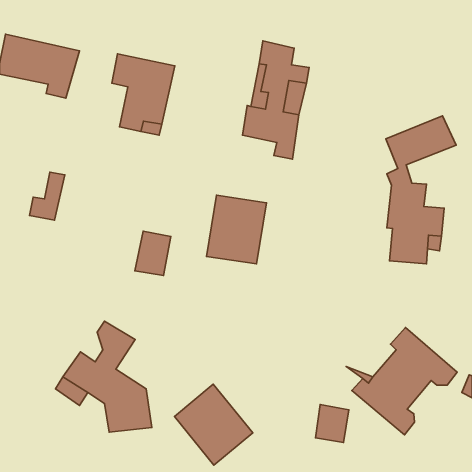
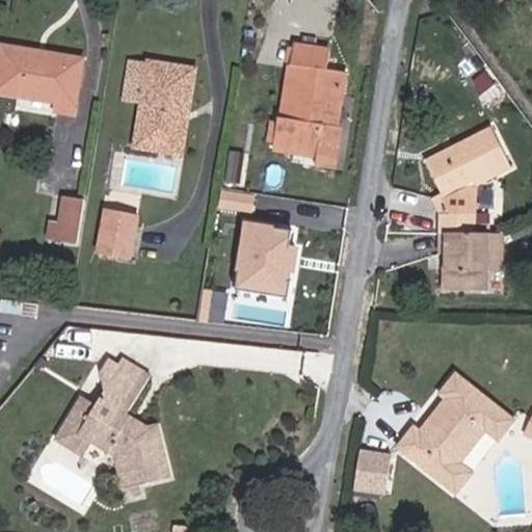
building: [135,231,171,276] -> [91,207,132,257]
building: [174,384,253,465] -> none

